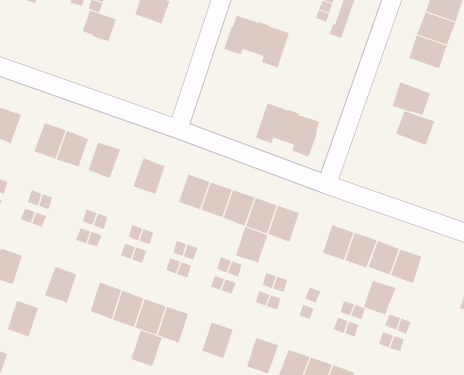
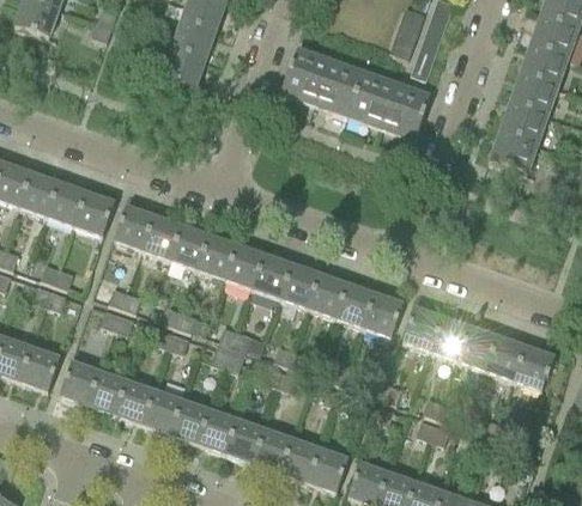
building: [82,10,117,42] -> [162,49,205,89]
building: [254,102,321,158] -> [347,72,429,140]
building: [395,110,435,145] -> [498,103,547,146]
building: none -> [19,172,60,218]
building: none -> [141,215,182,261]
building: none -> [198,236,237,280]
building: [235,226,268,263] -> [363,293,404,339]
building: none -> [89,368,128,414]
building: [363,280,396,315] -> [515,347,556,390]
building: [7,300,39,337] -> [22,346,61,391]
building: none -> [281,437,321,482]
building: [130,330,162,367] -> [226,417,266,463]

